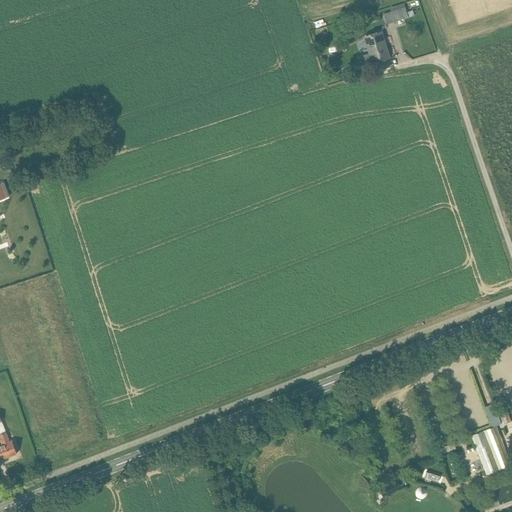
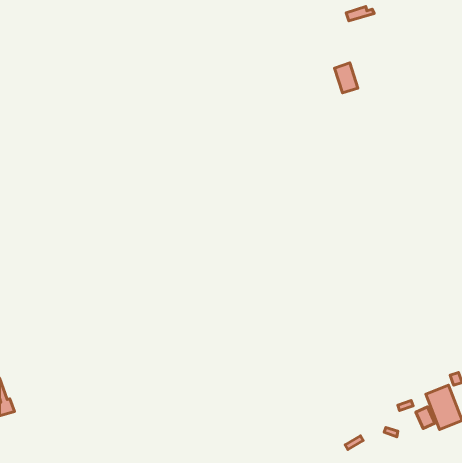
building: [363,30,389,63] -> [334,63,358,93]

